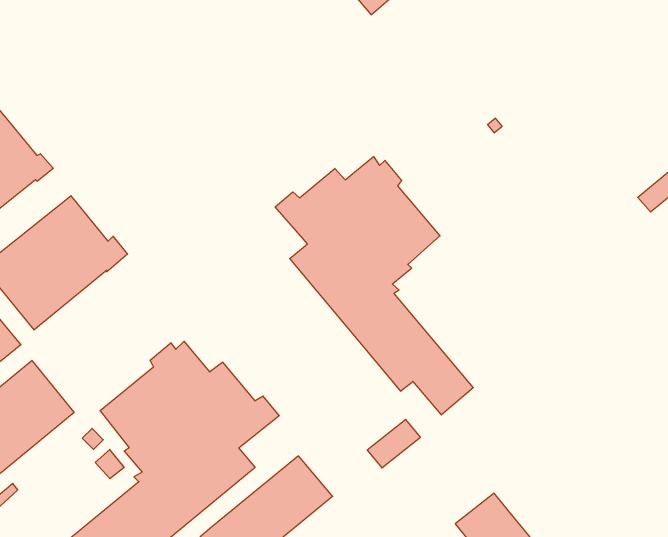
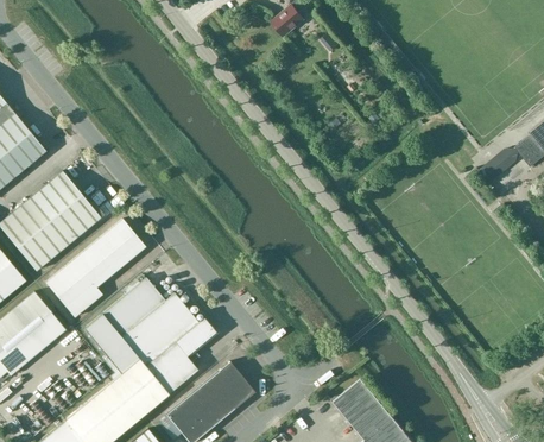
building: [275,157,473,415] -> none
building: none -> [45,219,144,317]
building: [367,419,420,468] -> [334,377,373,412]

